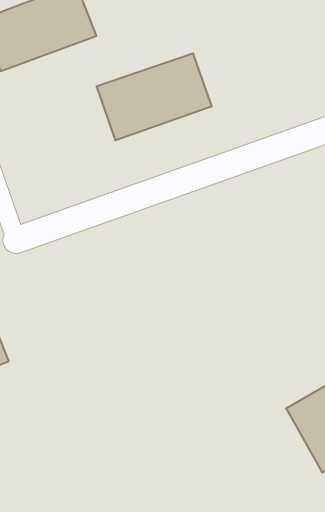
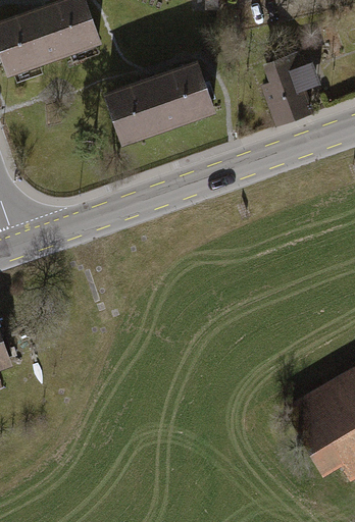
building: none -> [255,49,318,123]

